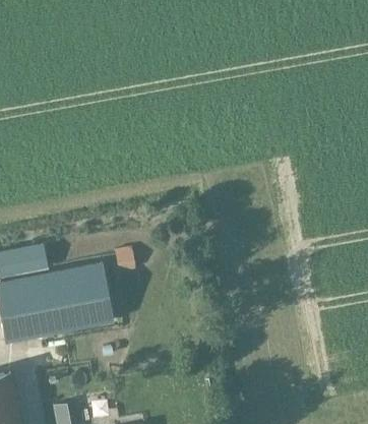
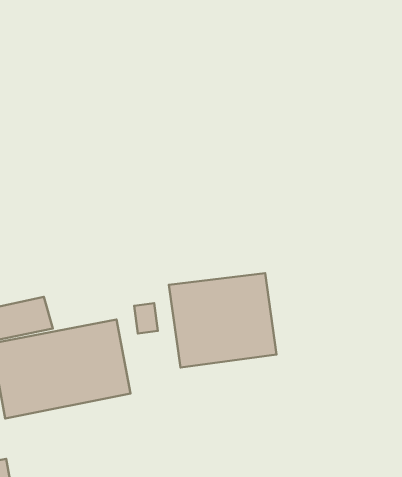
building: none -> [169,273,276,368]

